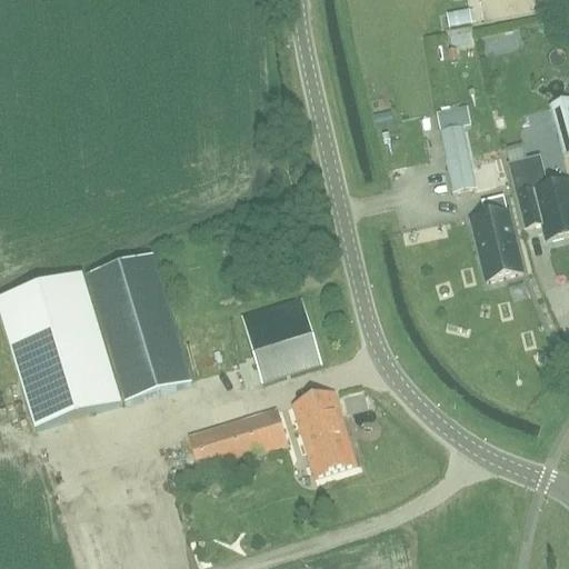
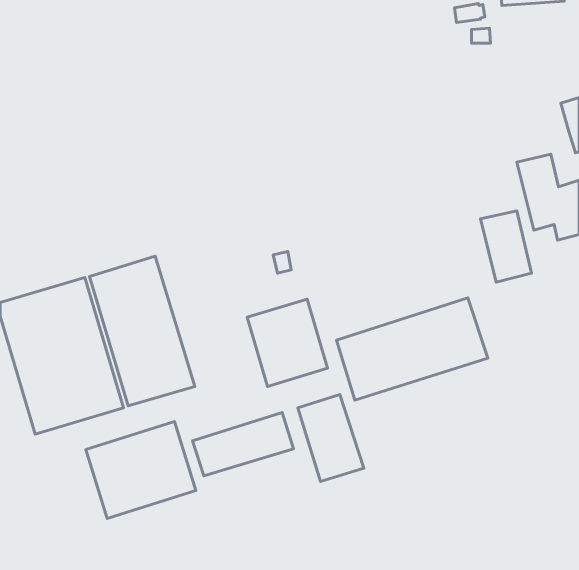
building: [437,100,475,189] -> none
building: none -> [336,298,488,400]
building: none -> [86,422,196,519]

